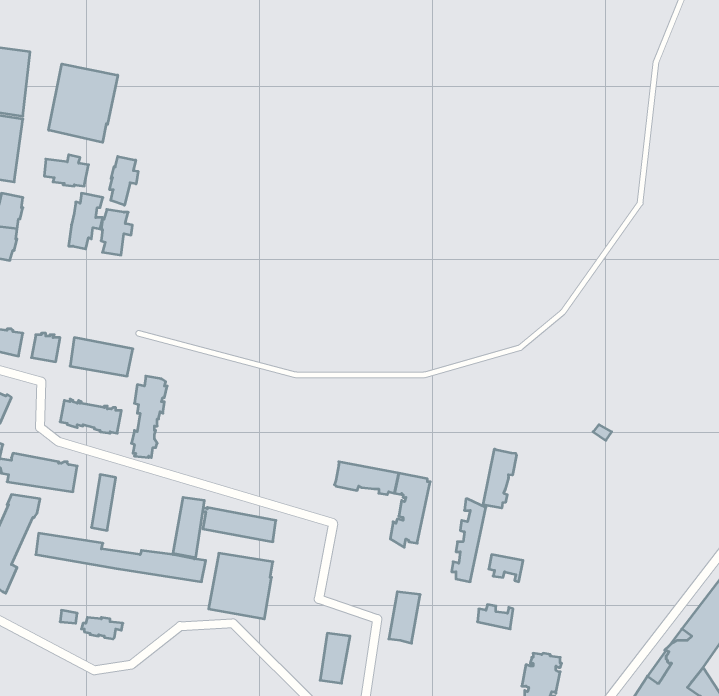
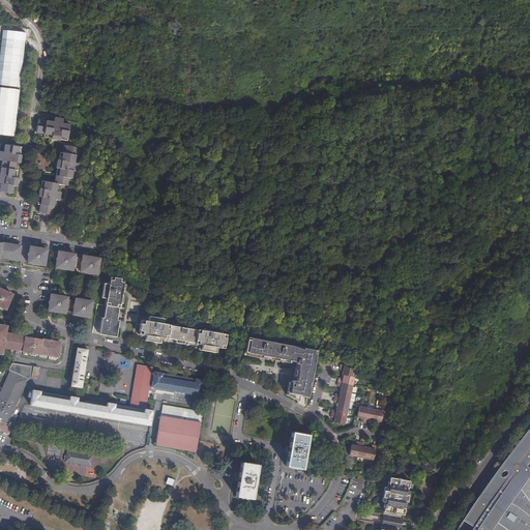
building: [49,64,118,142] -> none
building: [110,156,138,205] -> none
building: [101,209,132,255] -> [37,180,60,213]
building: none -> [138,316,226,353]
building: [483,449,516,508] -> none

